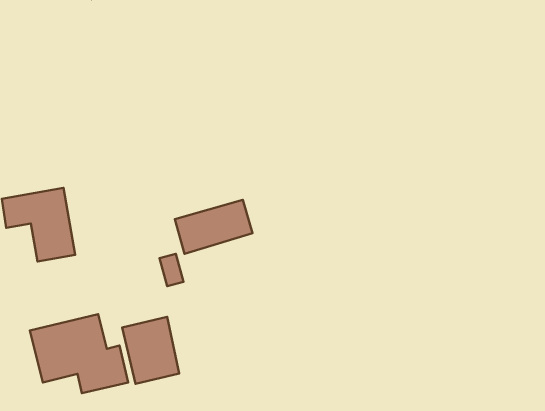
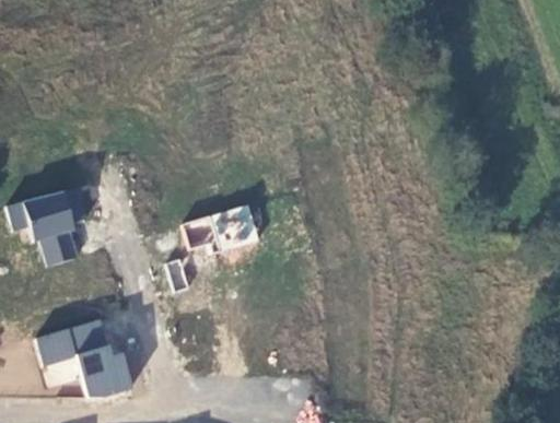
building: [122,317,179,384] -> none

